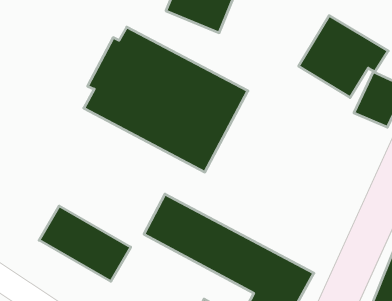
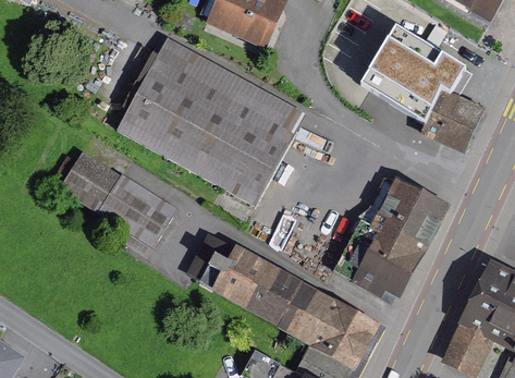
building: none -> [350,176,446,293]
building: [39,206,131,281] -> [74,162,179,248]

